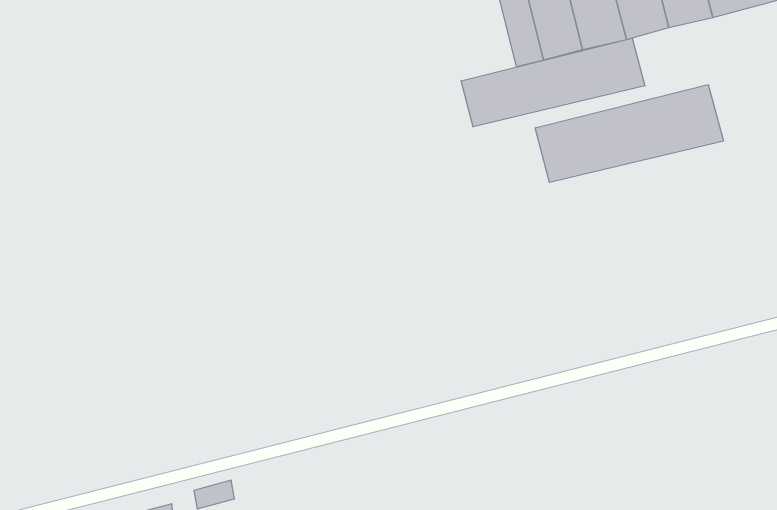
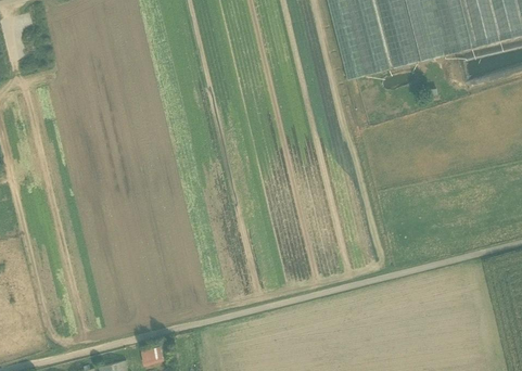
building: [461,38,645,127] -> none
building: [535,85,723,182] -> none

